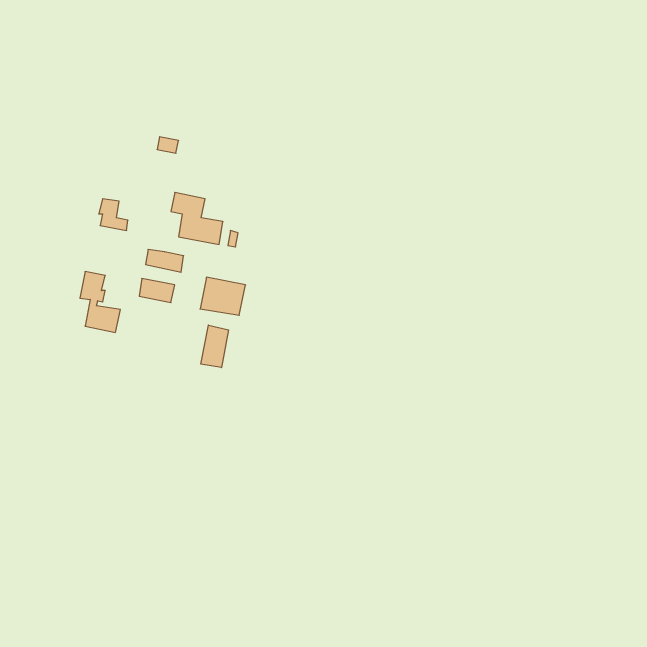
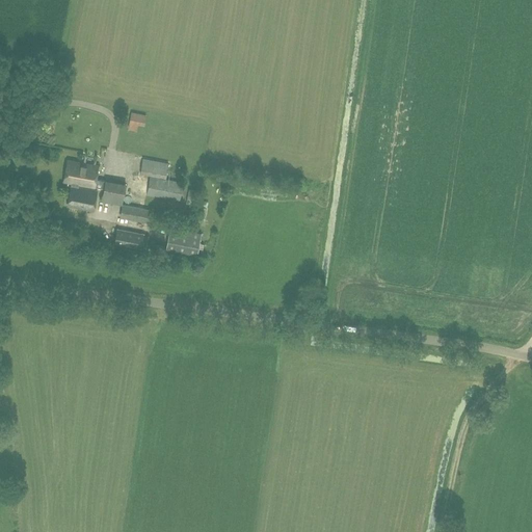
building: none -> [101,180,126,205]
building: [80,272,120,332] -> [63,160,97,210]
building: [201,325,228,368] -> none

